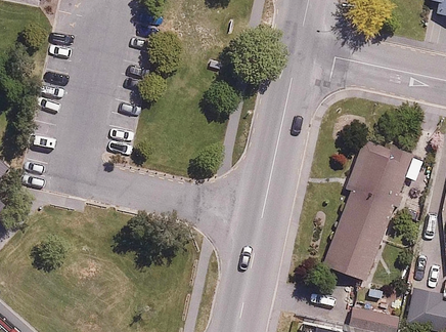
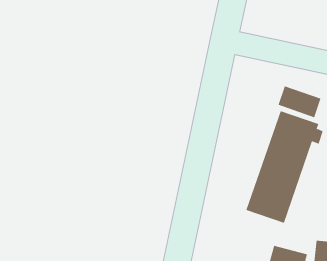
building: none -> [278,86,321,118]

